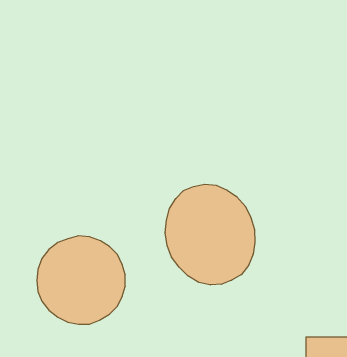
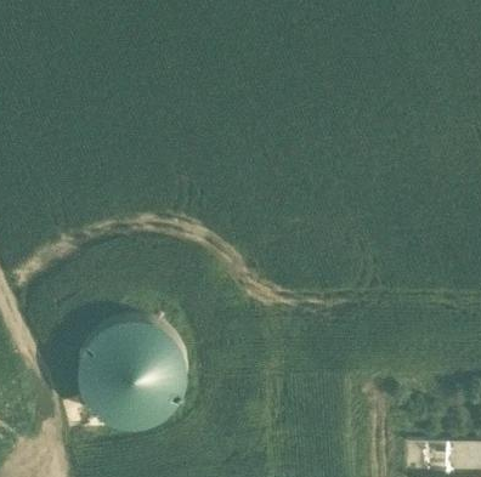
building: [165,184,255,285] -> none

